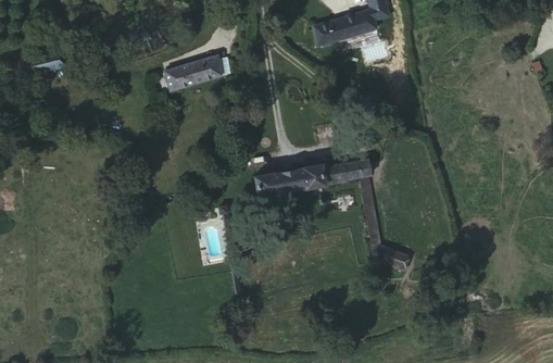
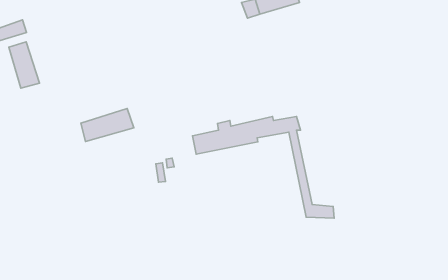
building: [160,55,219,92] -> [81,109,134,141]
building: none -> [9,42,40,88]

